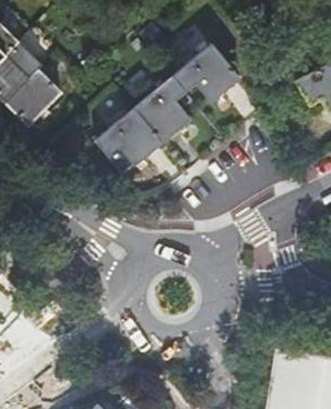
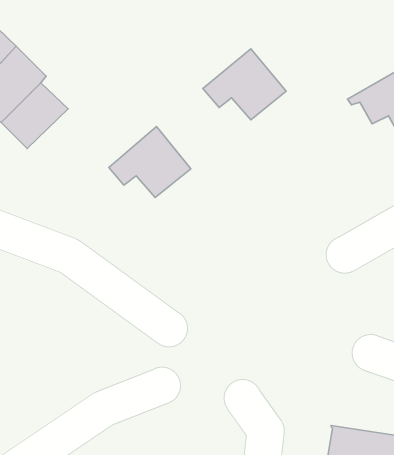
building: [133,74,189,140] -> none

